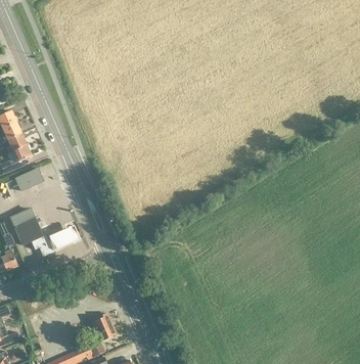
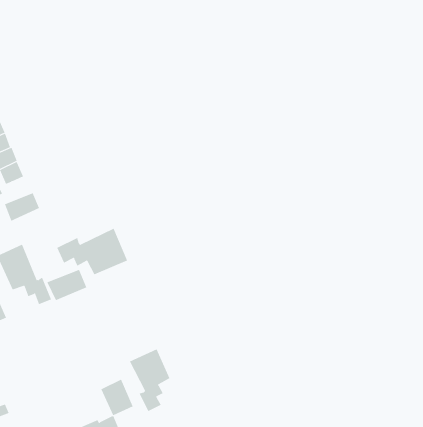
building: none -> [56,228,128,275]
building: none -> [129,349,170,412]

